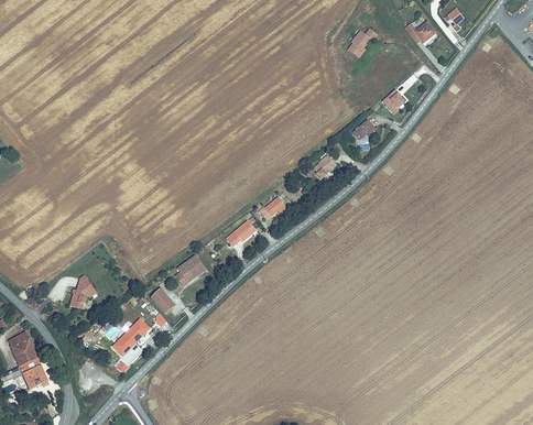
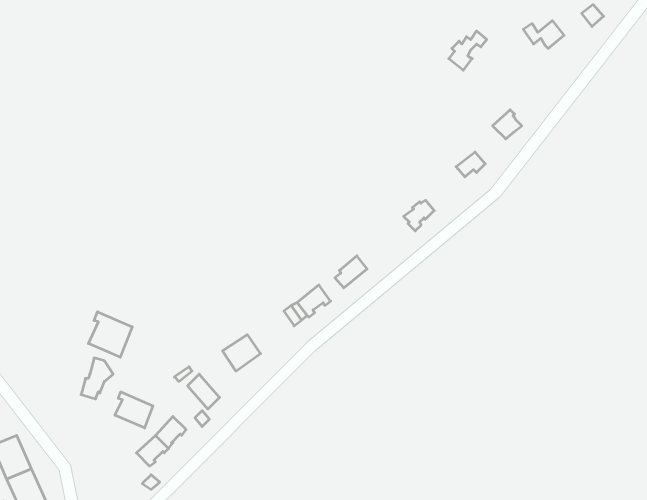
building: none -> [88,312,132,357]
building: none -> [115,392,153,428]

